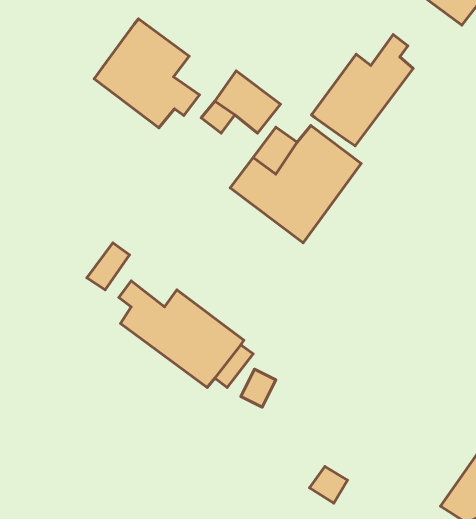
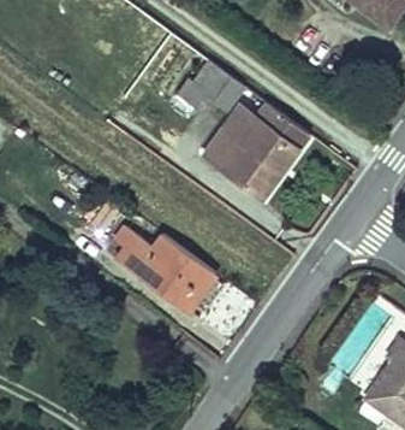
building: [94,19,200,128] -> none
building: [312,35,413,146] -> none

